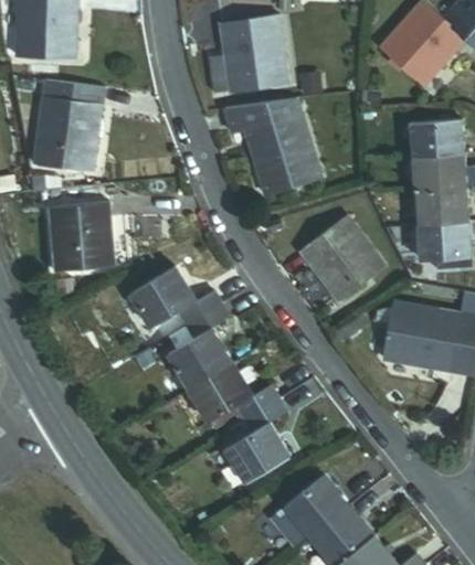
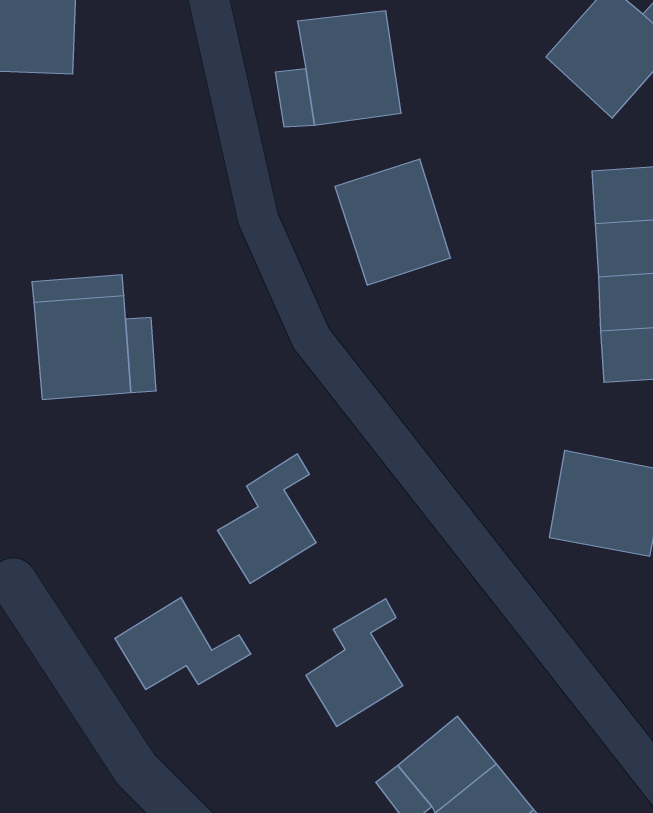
building: [34,79,105,171] -> none
building: [224,99,299,135] -> none
building: [300,217,384,302] -> none
building: [131,267,220,328] -> none
building: [189,362,277,422] -> [115,597,251,689]

